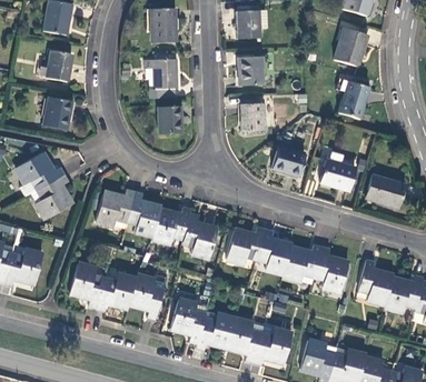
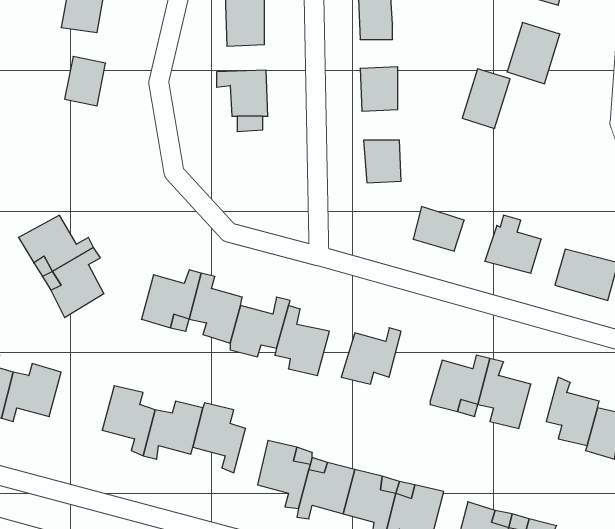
building: [338,80,369,119] -> [462,69,510,128]
building: [43,96,72,128] -> none
building: [159,105,181,133] -> none
building: [257,228,291,273] -> none

